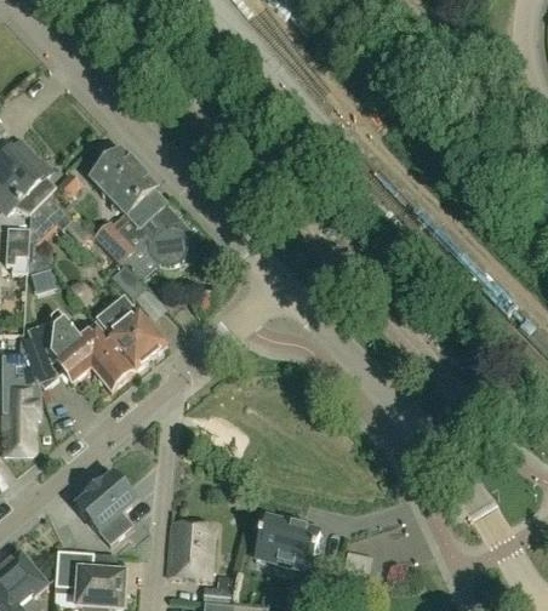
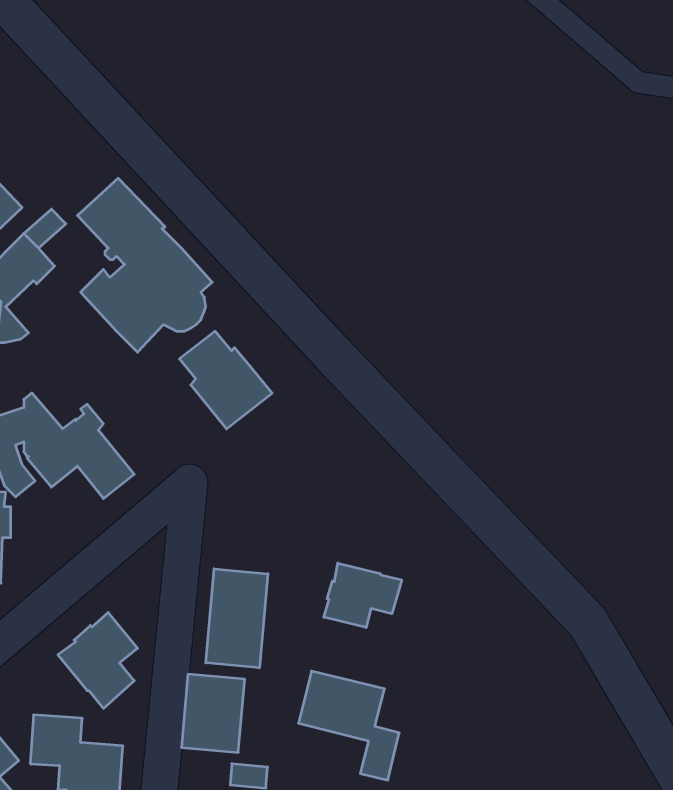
building: [97,297,166,370] -> [179,331,272,429]
building: none -> [324,563,402,628]
building: none -> [206,569,268,668]

